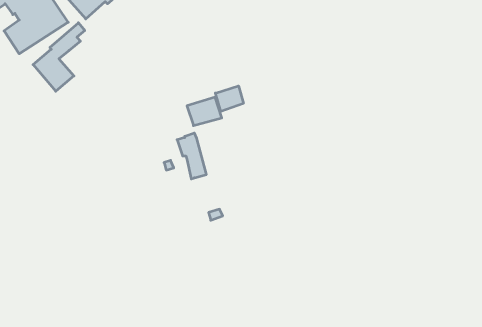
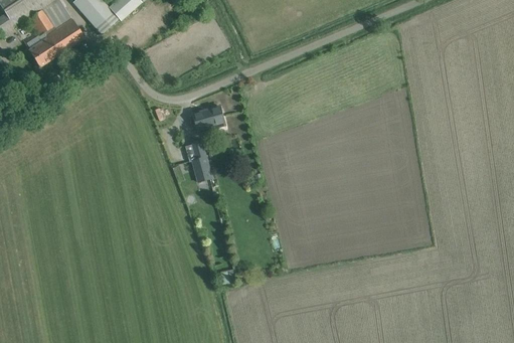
building: [33,23,85,91] -> none
building: [215,86,243,111] -> none

